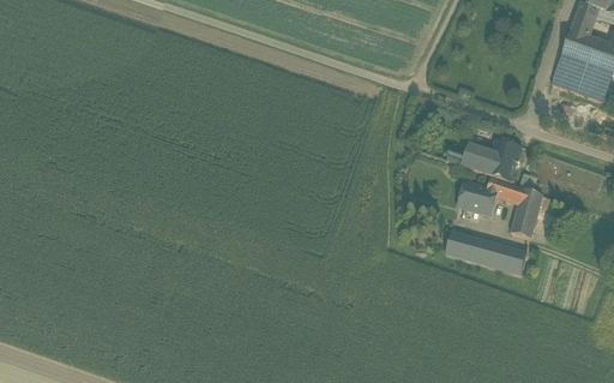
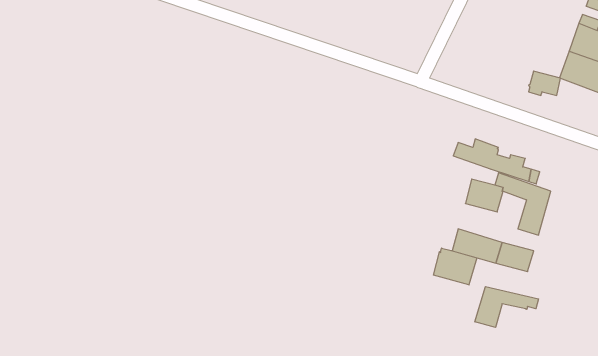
building: [490,138,522,162] -> [529,71,560,95]
building: none -> [434,248,477,285]
building: none -> [475,287,539,327]

